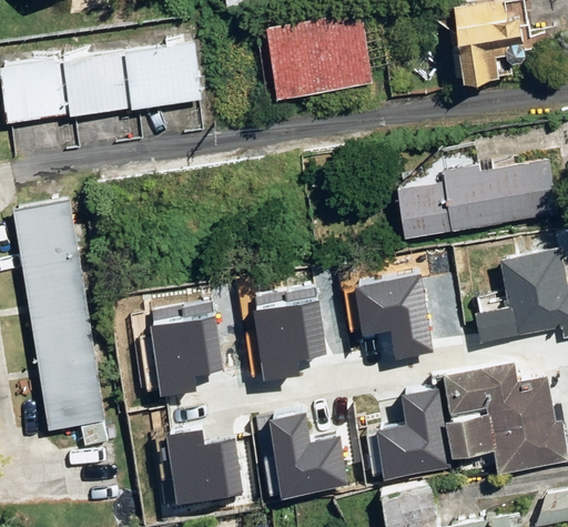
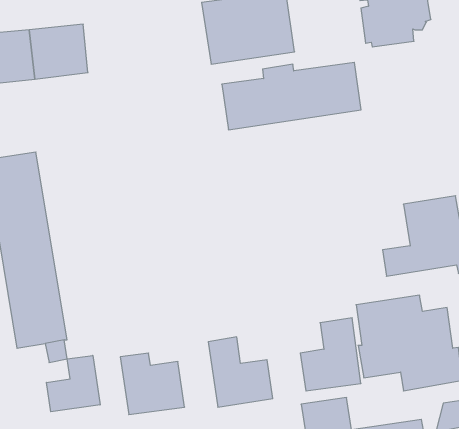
building: [124,39,201,104] -> none
building: [395,155,558,234] -> [222,62,361,130]
building: [357,280,434,359] -> none
building: [254,290,326,383] -> none
building: [150,303,222,396] -> none
building: none -> [46,355,100,412]

